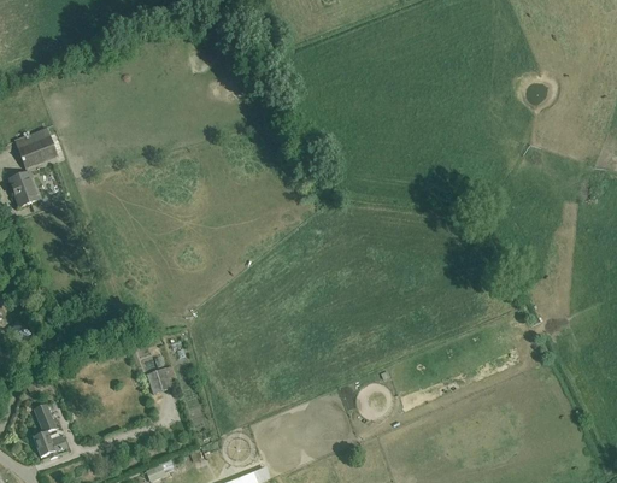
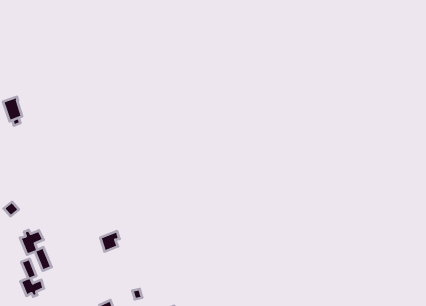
building: [13,128,55,166] -> none
building: none -> [20,230,52,271]

